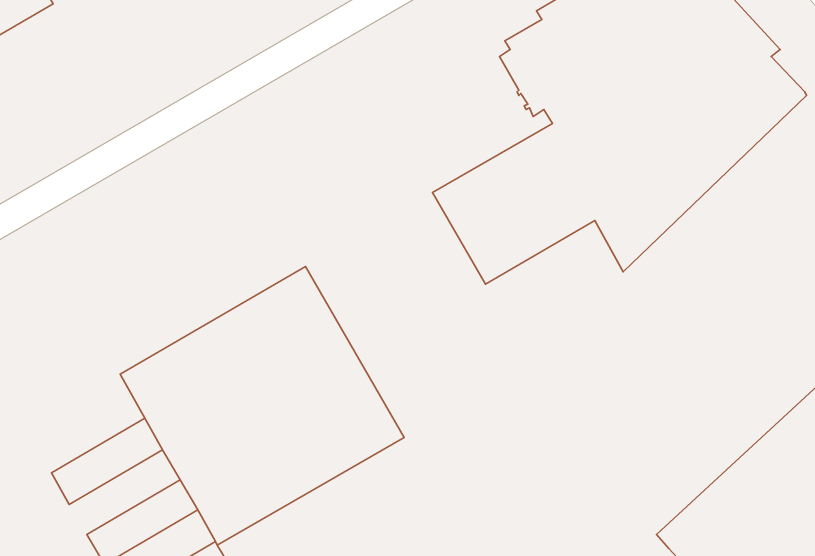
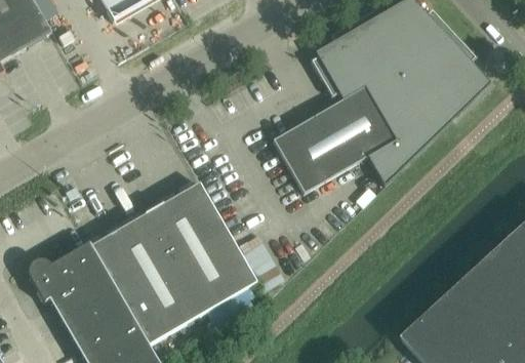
building: none -> [28,241,106,301]
building: none -> [62,288,126,337]

